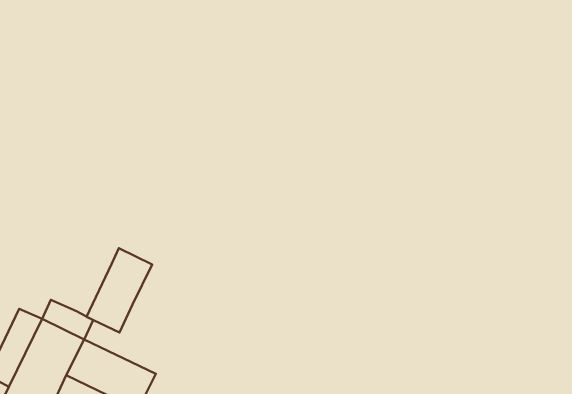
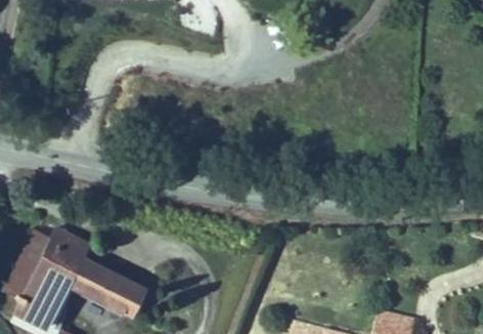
building: [87,248,152,332] -> none

